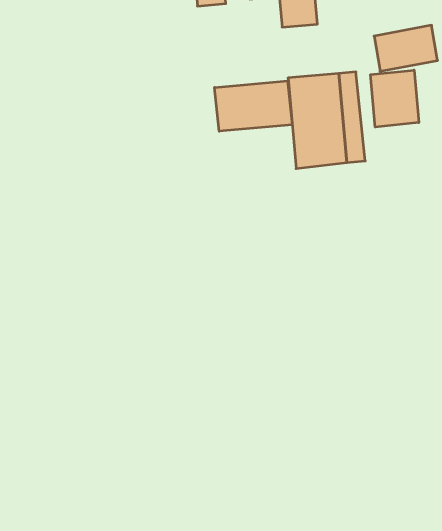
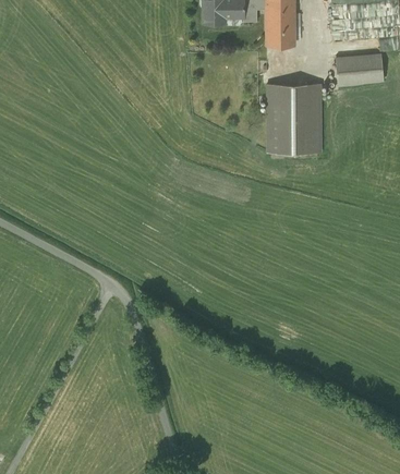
building: [371,70,419,127] -> none
building: [215,81,292,131] -> none

